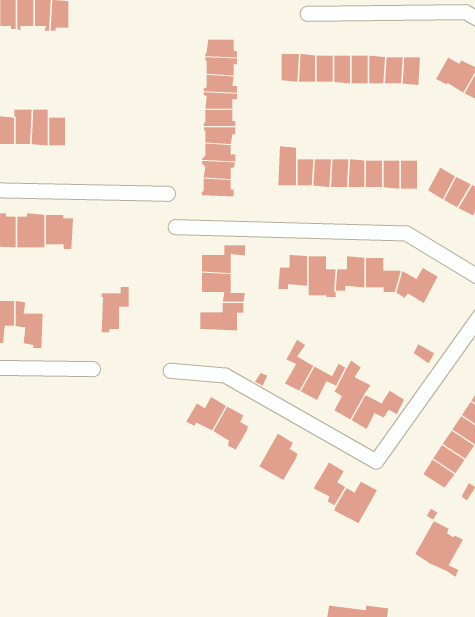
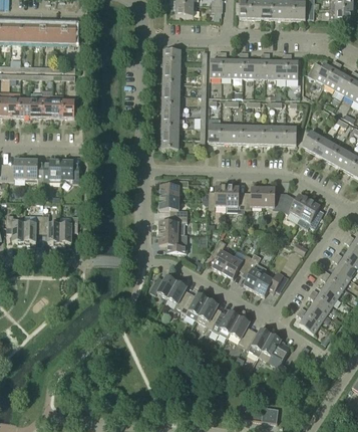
building: none -> [297,199,322,227]
building: [101,287,129,333] -> [59,215,77,244]
building: none -> [158,232,187,251]
building: none -> [181,291,208,318]
building: none -> [211,307,240,337]
building: [415,521,464,578] -> [259,334,290,370]

